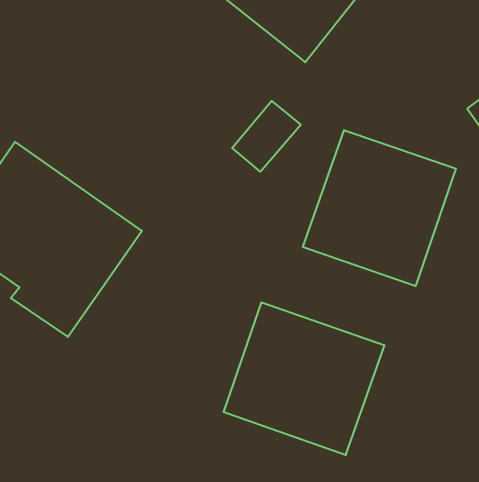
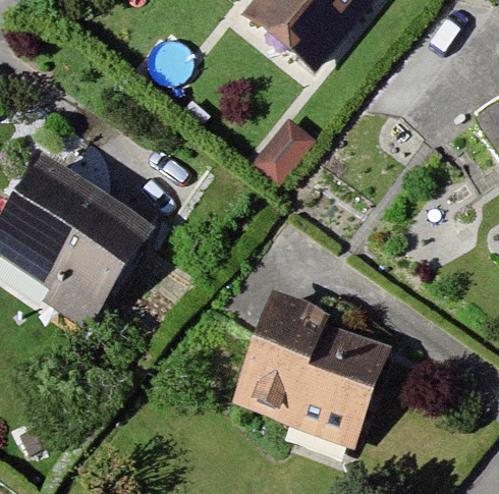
building: [303,130,456,286] -> none

